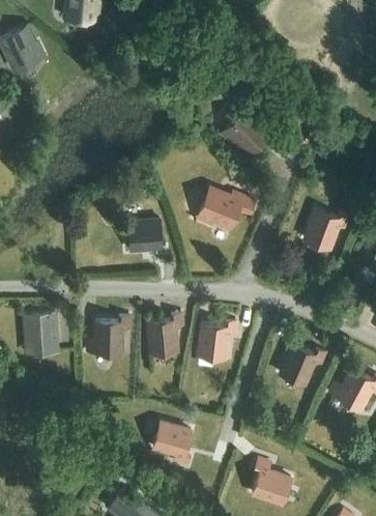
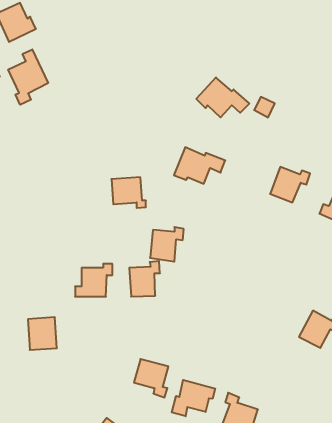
building: none -> [8,49,48,105]
building: [25,314,57,350] -> [28,317,57,350]
building: [199,322,236,361] -> [150,227,184,262]
building: [280,346,325,386] -> none
building: none -> [172,380,215,416]

